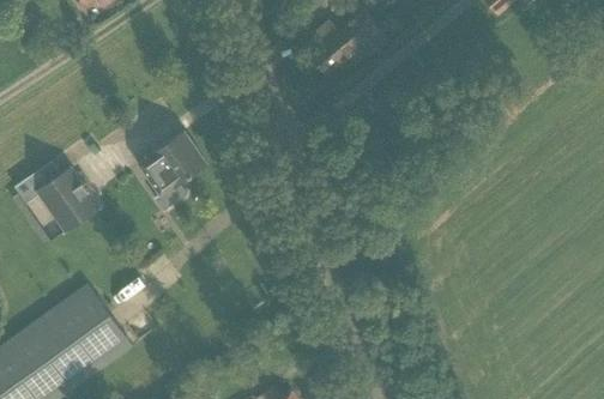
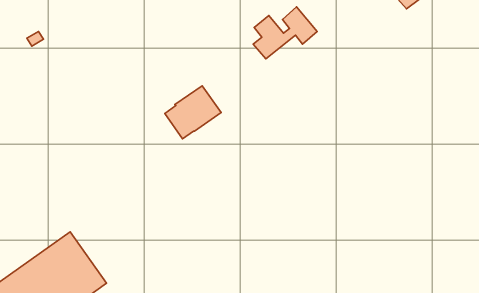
building: [138,131,206,195] -> [165,86,221,139]
building: [36,167,98,231] -> none

